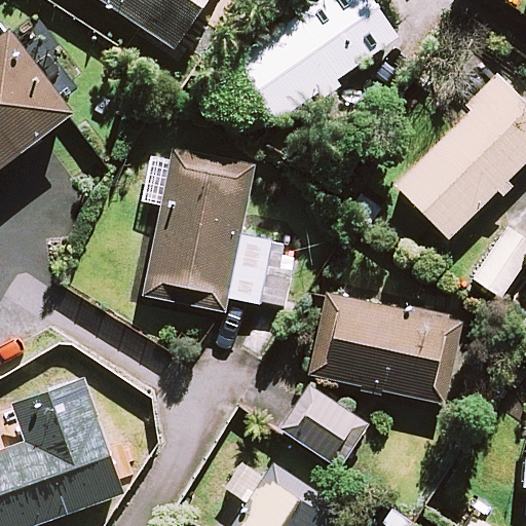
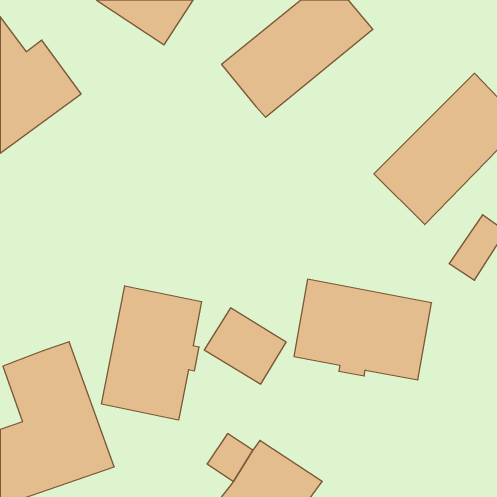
building: [143,142,296,312] -> none
building: none -> [102,286,202,420]
building: [281,387,368,467] -> [204,308,286,384]

